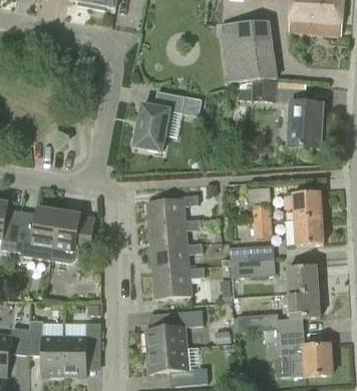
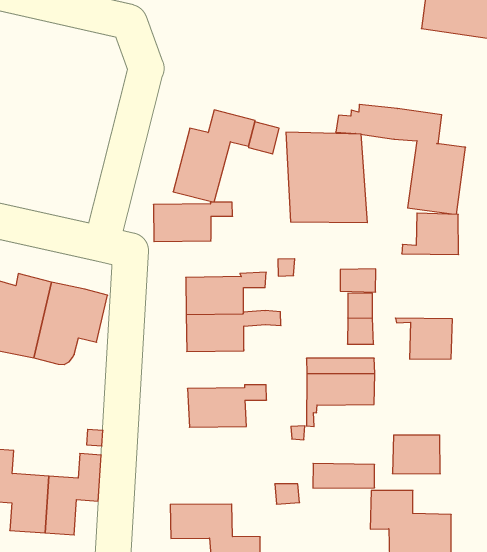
building: [220,20,277,80] -> [286,132,367,223]
building: [284,189,321,218] -> [402,213,459,255]
building: [149,244,202,273] -> [153,202,233,242]
building: [280,264,318,294] -> none
building: [143,308,202,349] -> none

